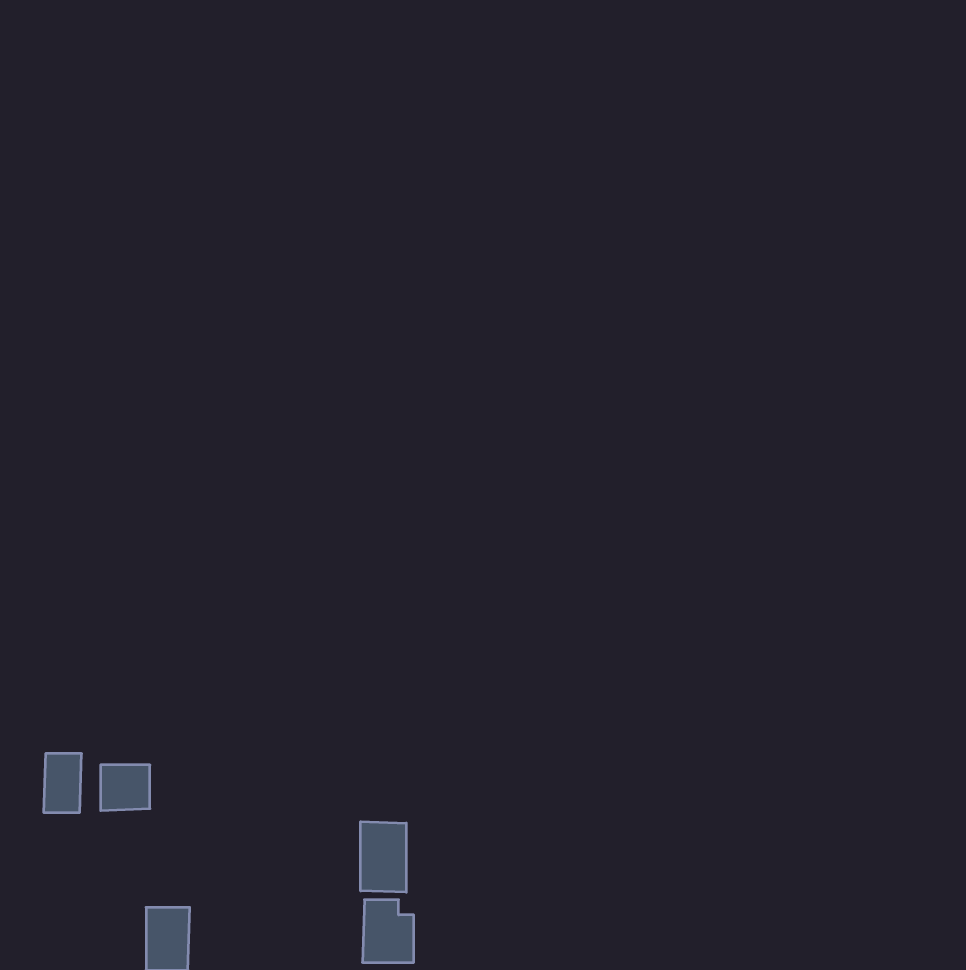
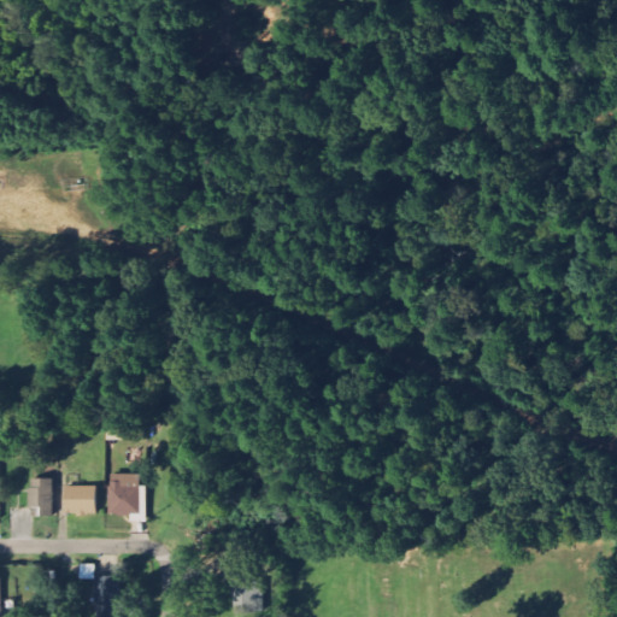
building: none -> [107,475,146,516]
building: [361,822,406,892] -> none

